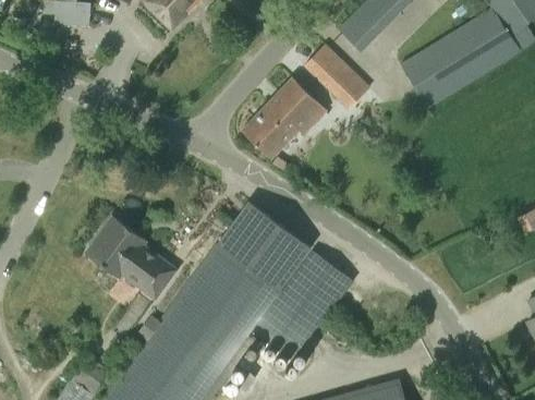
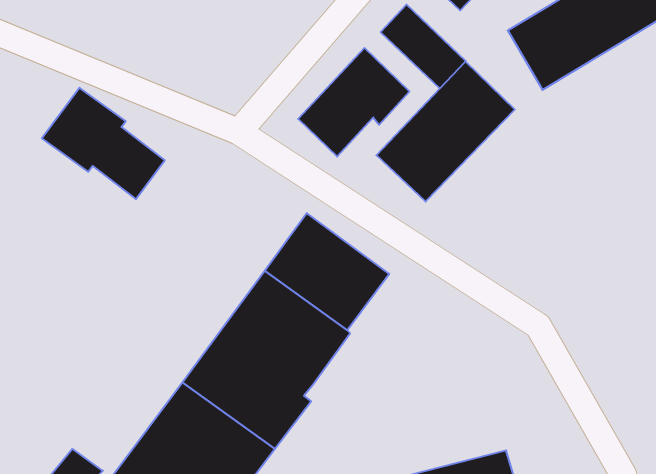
building: none -> [376,61,515,202]
building: [84,216,177,300] -> [42,88,165,199]
building: [253,251,351,360] -> none

